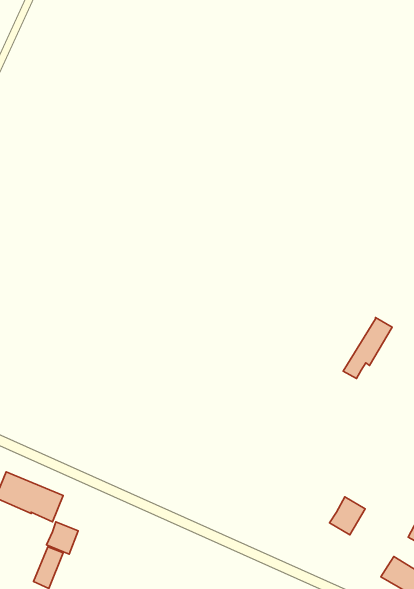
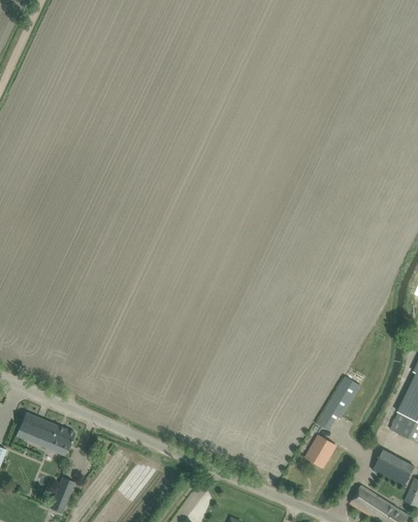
building: [343,318,392,378] -> [317,376,359,429]
building: [47,522,78,554] -> none

